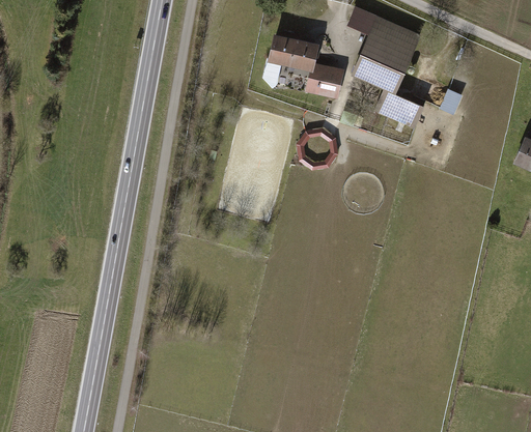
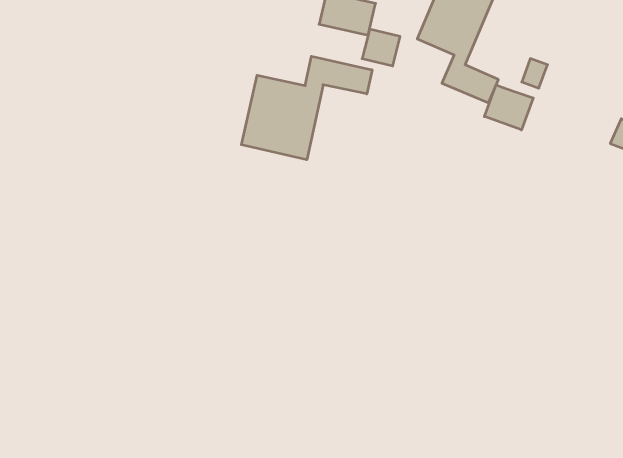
building: none -> [241,56,372,160]
building: none -> [484,85,533,130]

